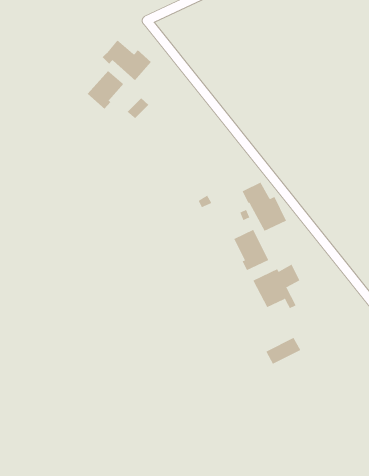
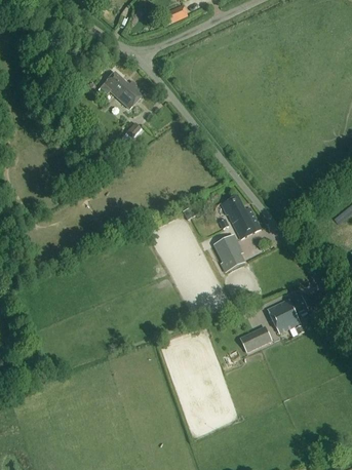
building: [87,70,124,109] -> none
building: [253,264,300,309] -> [267,296,308,335]

